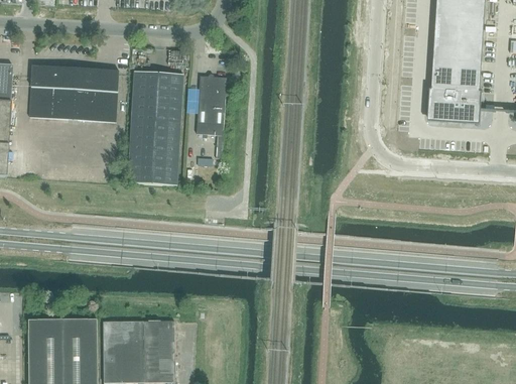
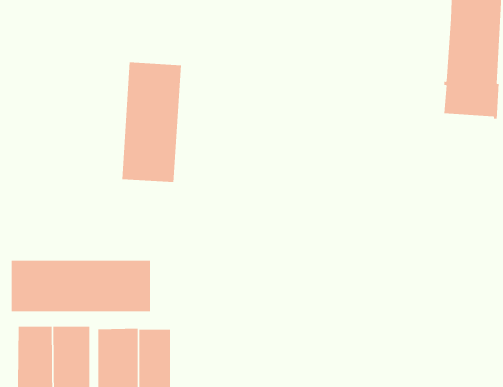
building: [29,65,118,121] -> none
building: [196,75,226,157] -> none
building: none -> [11,260,151,312]

